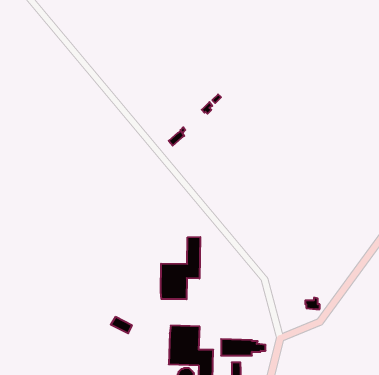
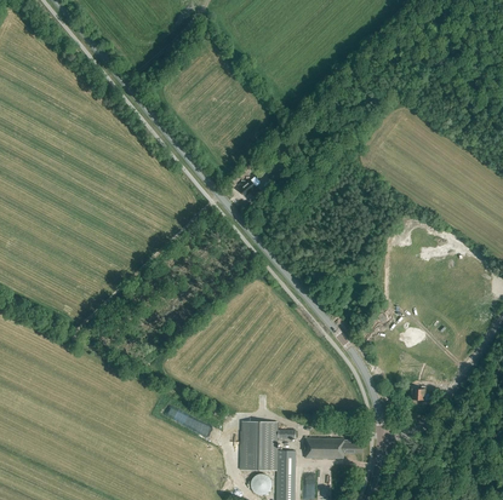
building: [161,237,200,299] -> none

